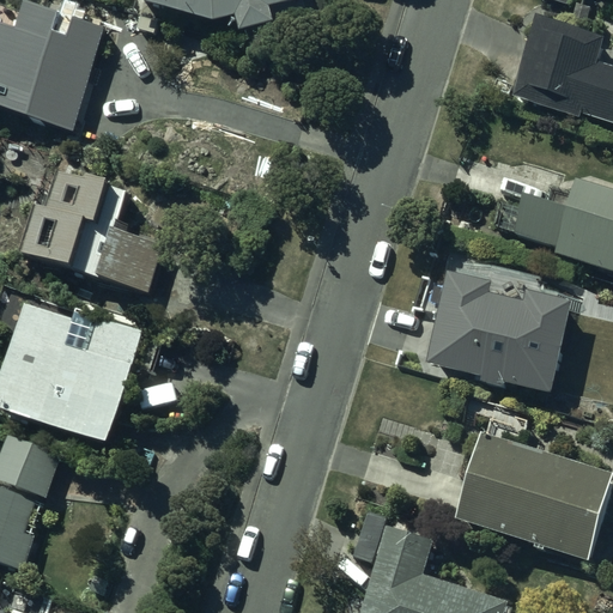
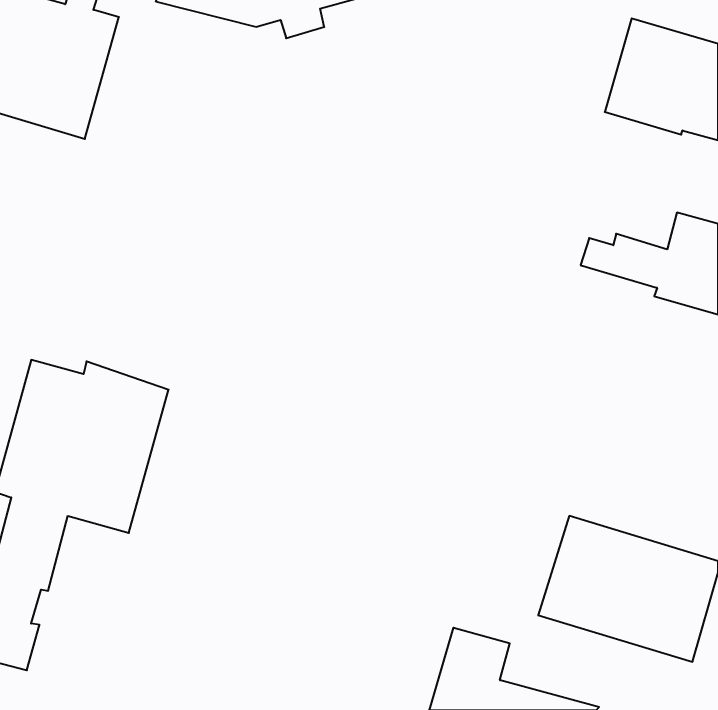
building: [22,170,164,291] -> none
building: [431,263,566,377] -> none

